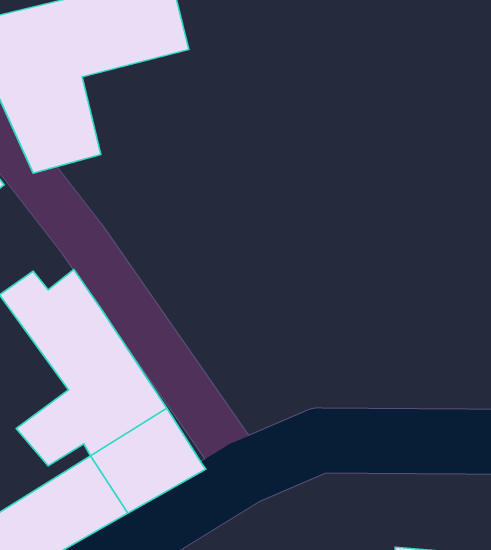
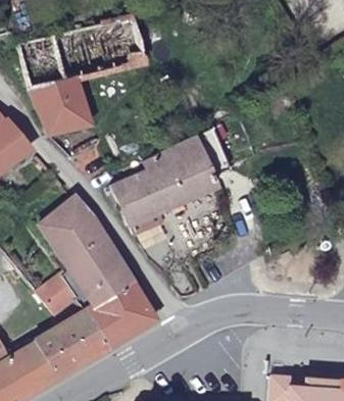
building: none -> [113,140,217,237]

